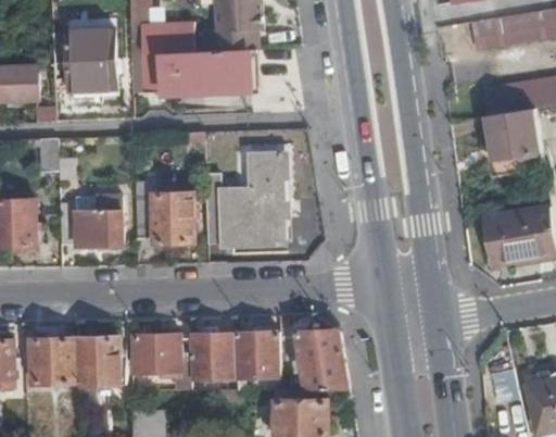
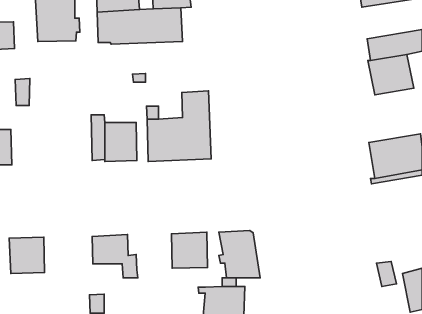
building: [59,197,122,247] -> none
building: [191,335,237,380] -> none
building: [81,338,127,386] -> none

